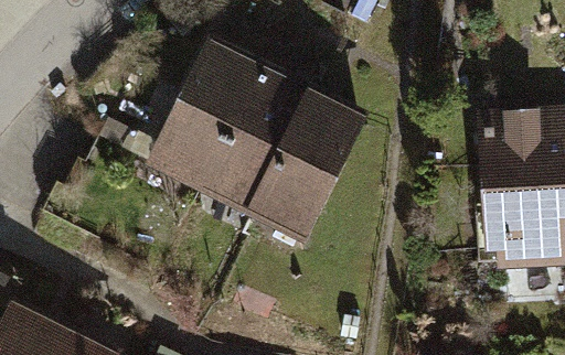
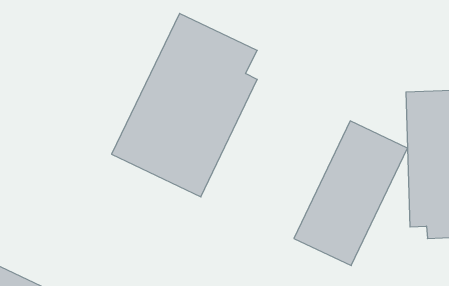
building: [243,93,372,257] -> [294,121,408,266]

